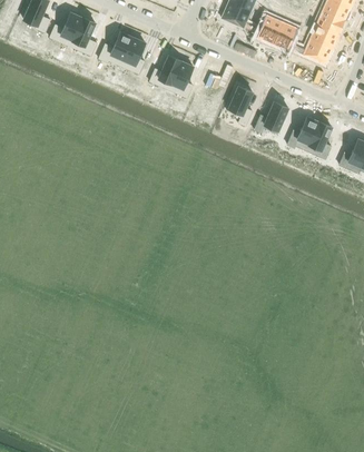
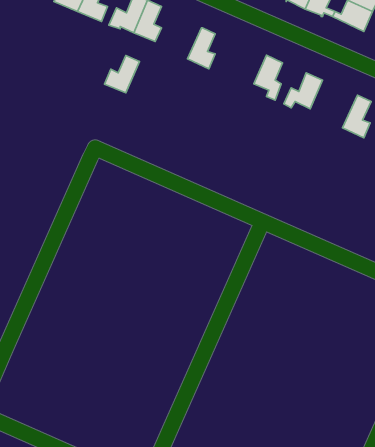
building: [150,55,181,88] -> [104,55,139,93]
building: [288,116,321,149] -> none

